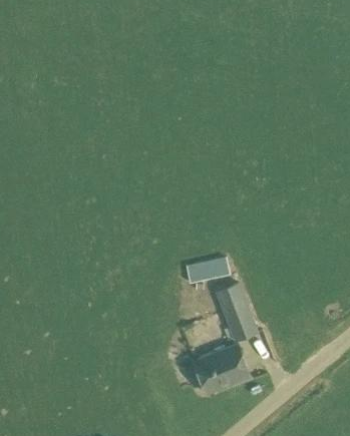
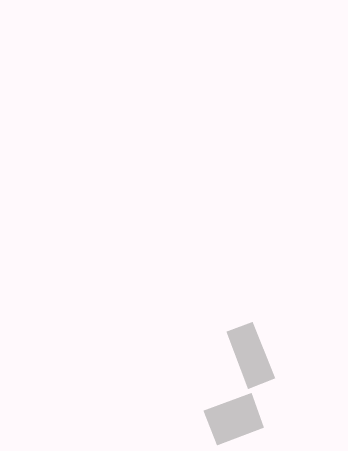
building: [187,256,231,283] -> none

